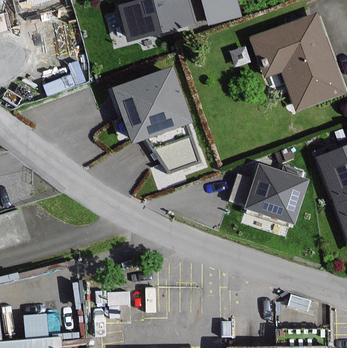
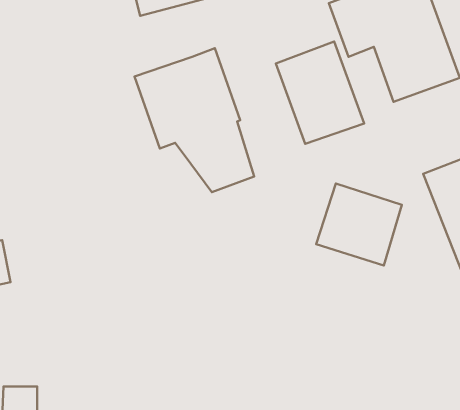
building: none -> [276,41,364,144]

